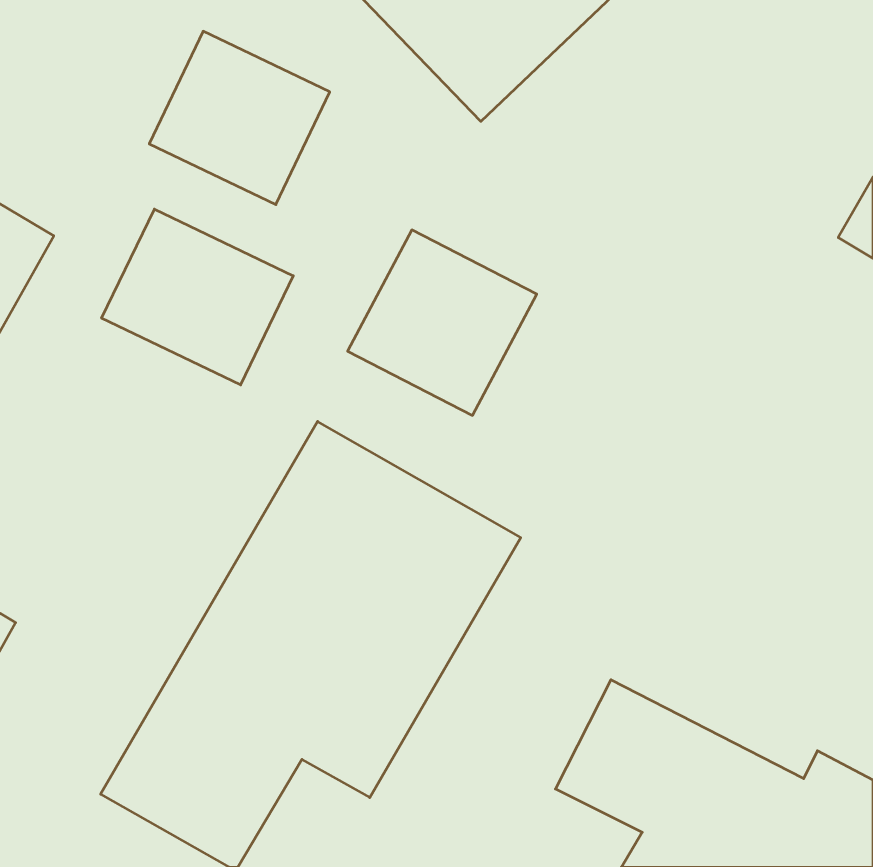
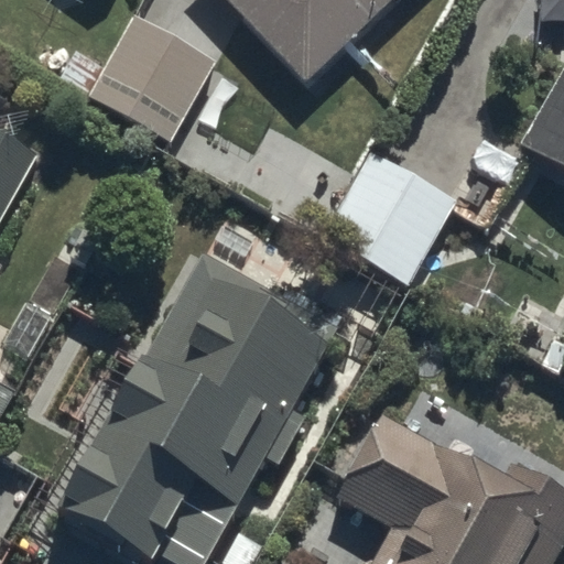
building: [102,209,293,385] -> none
building: [348,230,537,415] -> [333,161,453,279]

